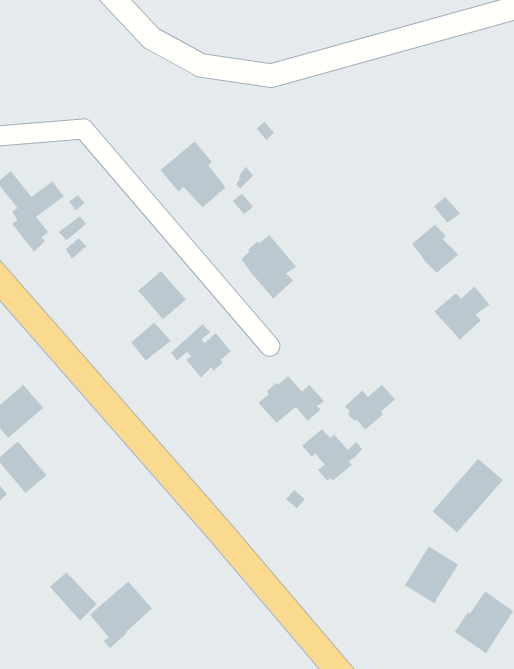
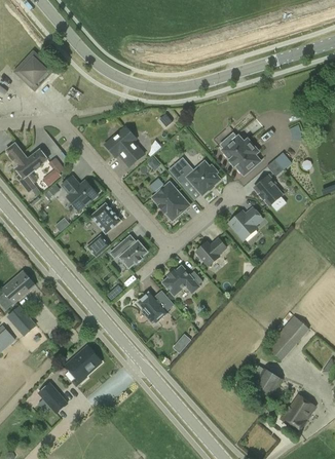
building: none -> [13,58,47,88]
building: none -> [222,135,260,174]
building: none -> [169,159,221,194]
building: none -> [62,175,98,209]
building: [434,286,490,341] -> [228,206,262,239]
building: [344,384,396,430] -> [195,237,226,265]
building: [301,429,363,482] -> [137,291,174,322]
building: [89,581,153,649] -> [64,344,102,385]

